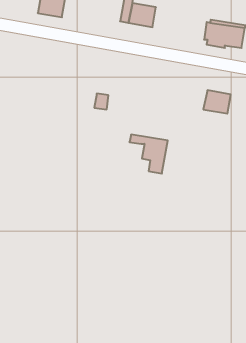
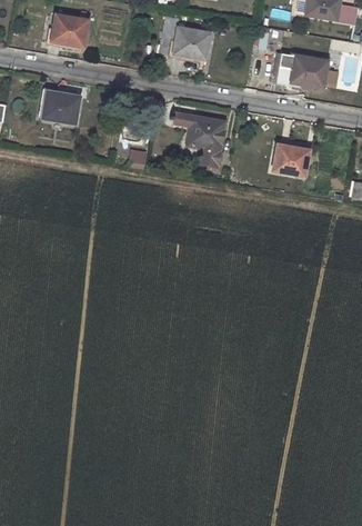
building: none -> [43,91,80,123]
building: [129,135,168,174] -> [175,115,227,167]

